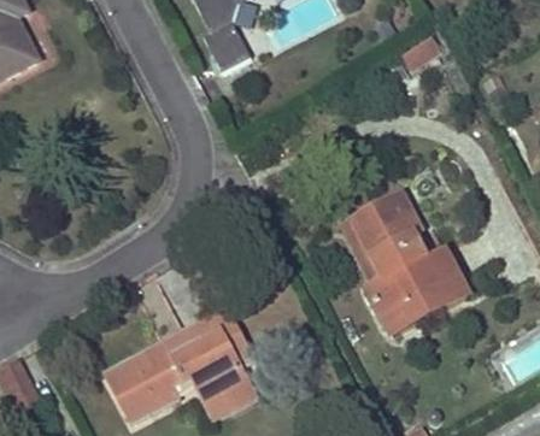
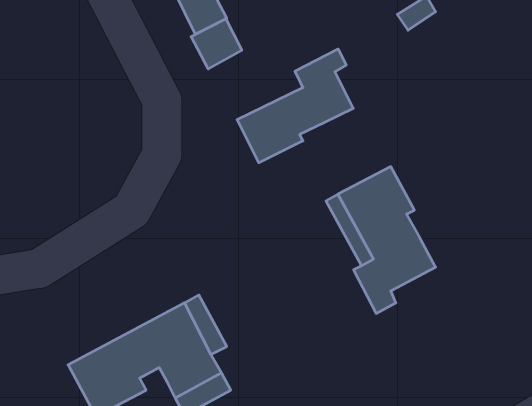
building: none -> [191,19,242,69]
building: none -> [237,49,353,163]
building: [387,248,468,334] -> none

